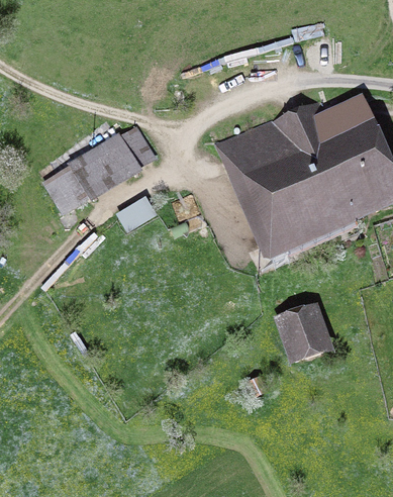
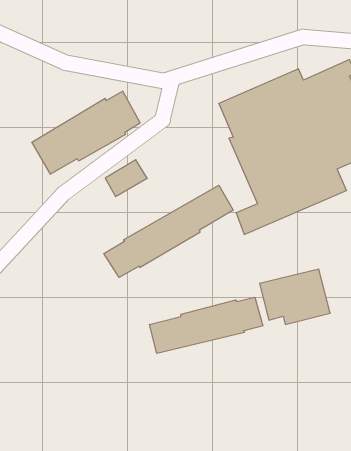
building: none -> [104,185,233,277]
building: none -> [150,297,263,353]

